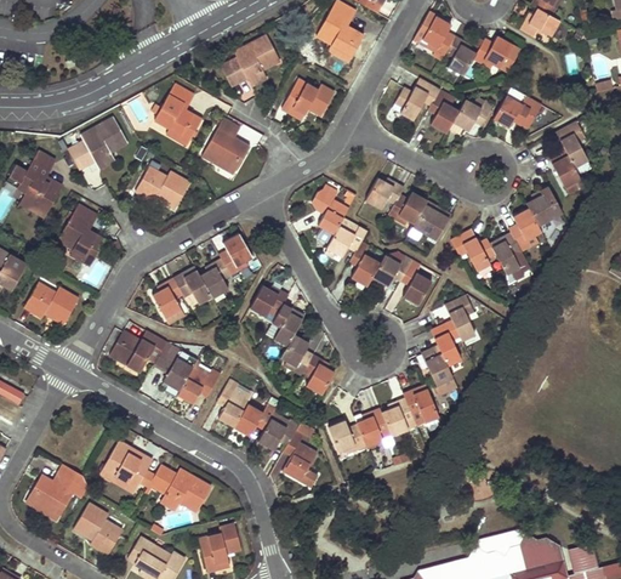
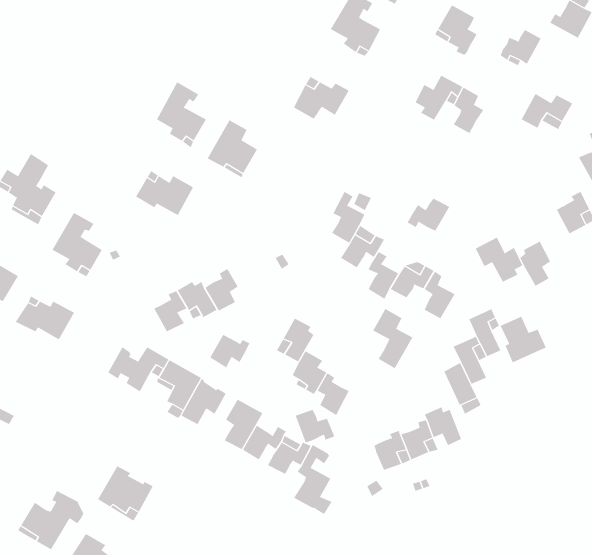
building: [220,35,280,86] -> none
building: [445,35,475,75] -> none
building: [451,97,494,131] -> none
building: [67,118,127,169] -> none
building: [365,177,403,209] -> none
building: [411,200,450,240] -> none
building: [511,208,541,251] -> none
building: [221,233,251,274] -> none
building: [250,285,287,317] -> [210,334,250,368]
building: none -> [373,308,413,369]
building: none -> [500,316,547,363]
building: [327,420,365,452] -> [295,409,335,443]
building: [149,465,211,512] -> none

